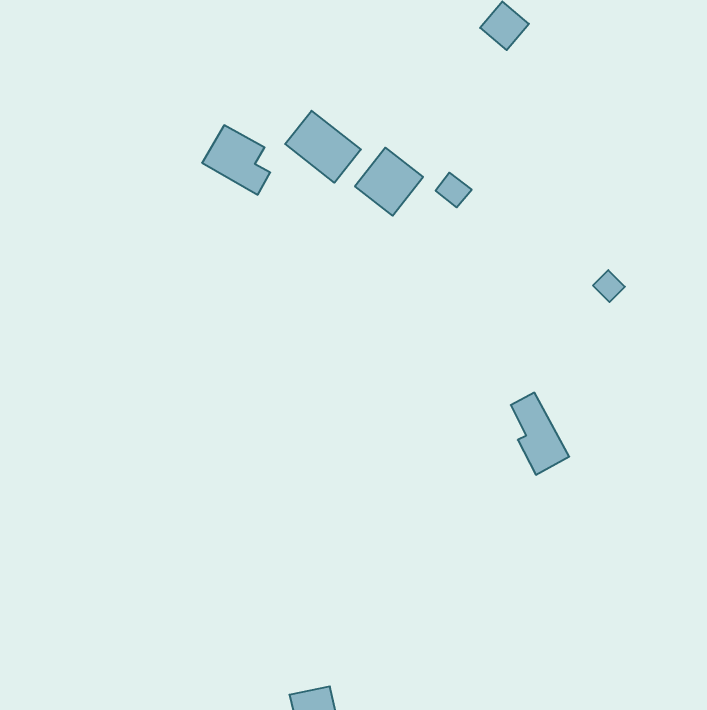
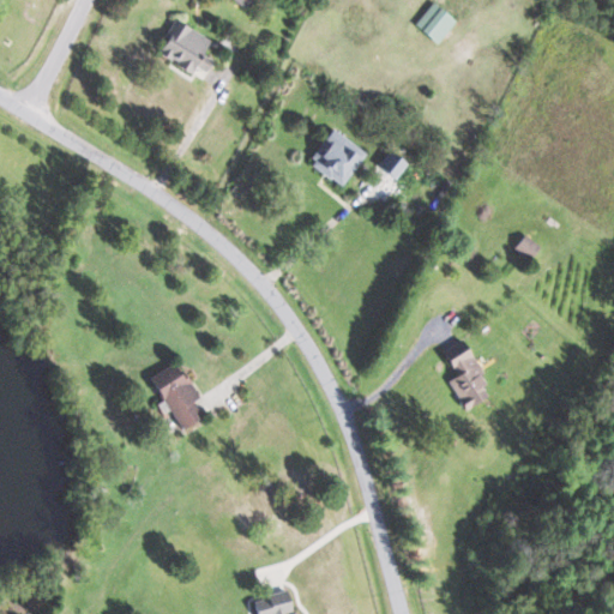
building: [285,111,361,183] -> none
building: [202,125,270,195] -> [158,20,217,80]
building: none -> [149,361,204,429]

